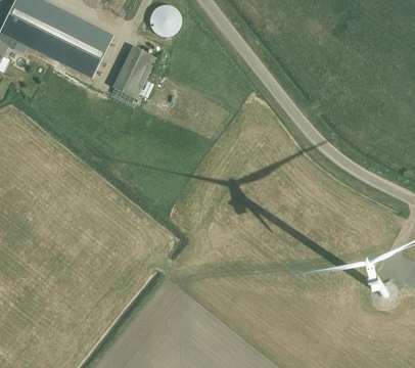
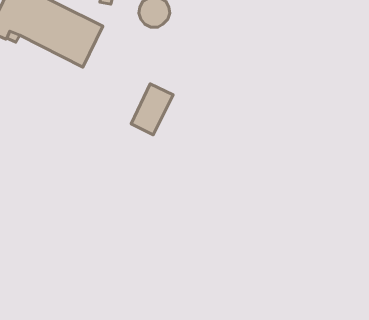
building: [113,46,156,98] -> [131,84,173,135]

